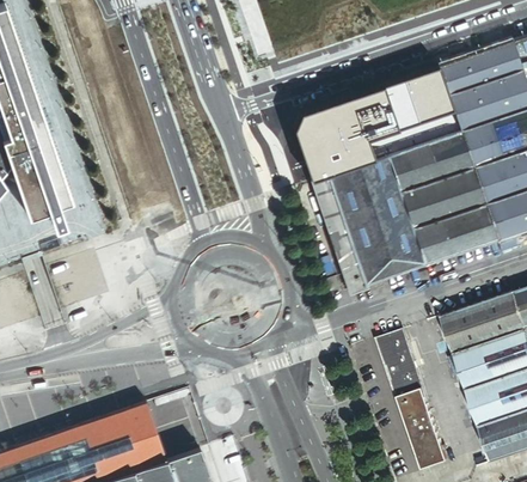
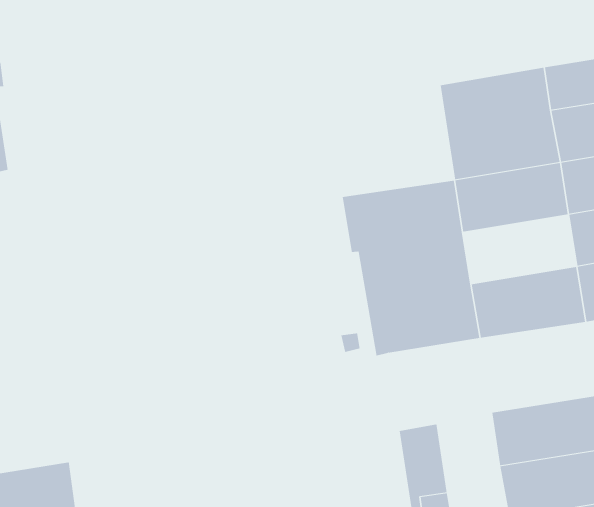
building: [292,91,387,182] -> none
building: [399,167,484,228] -> none

